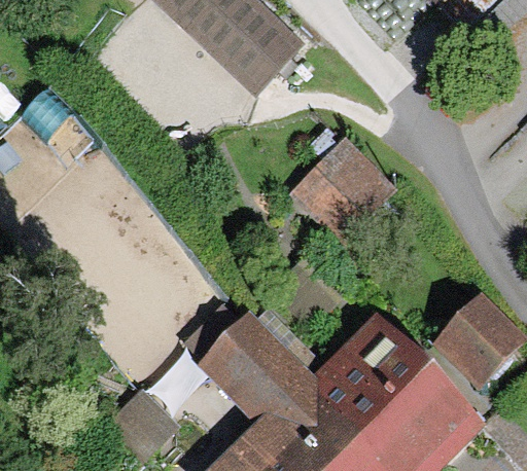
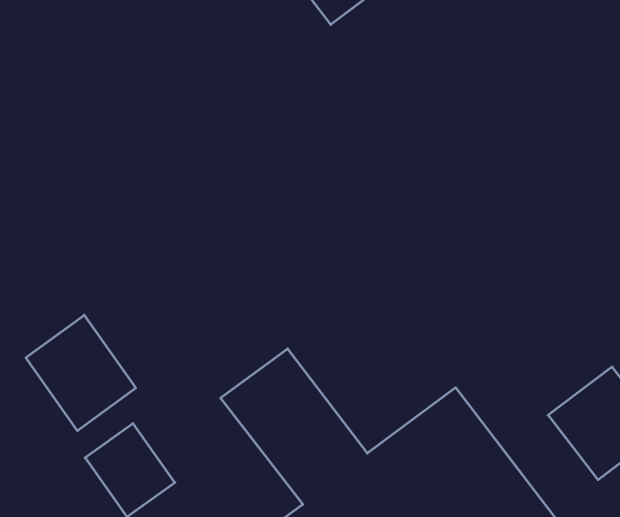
building: [301,146,386,231] -> none
building: none -> [26,315,136,431]

